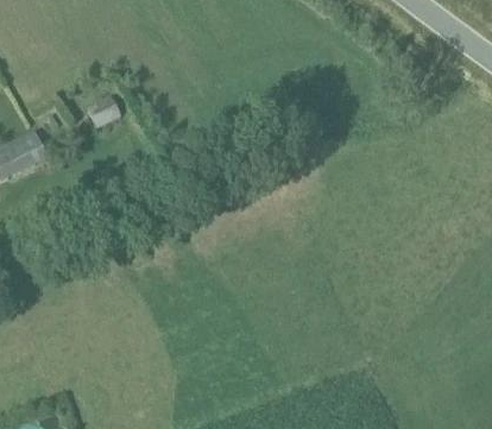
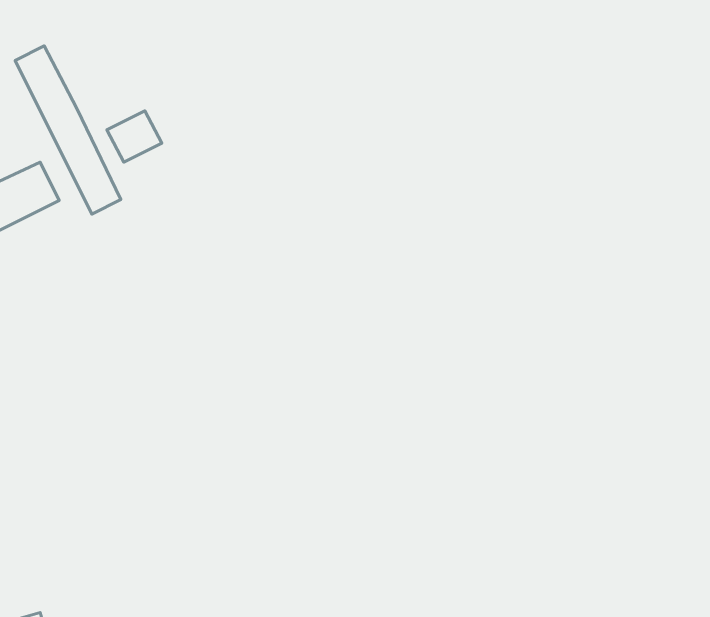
building: none -> [15,46,121,214]

